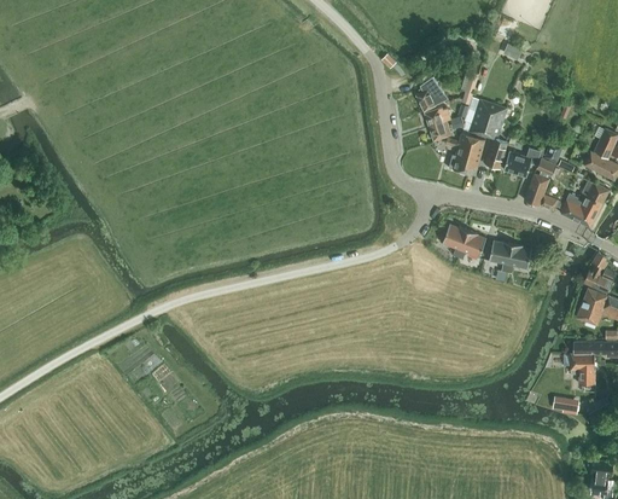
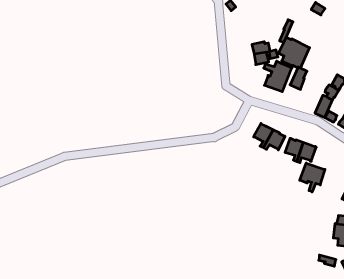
building: [416,77,449,111] -> none
building: [503,149,541,178] -> none
building: none -> [300,163,325,192]

